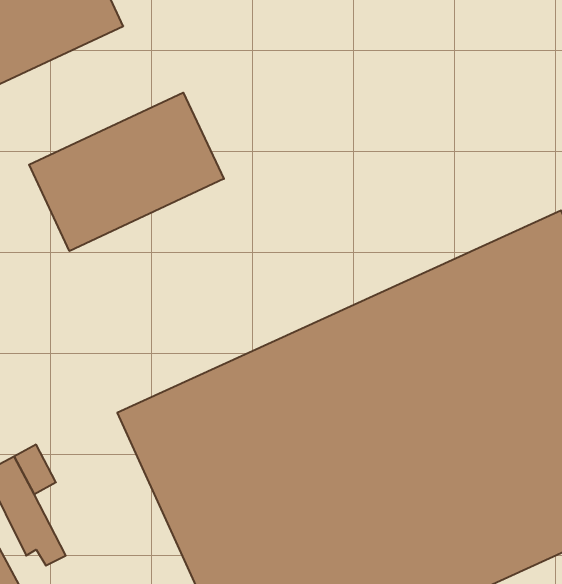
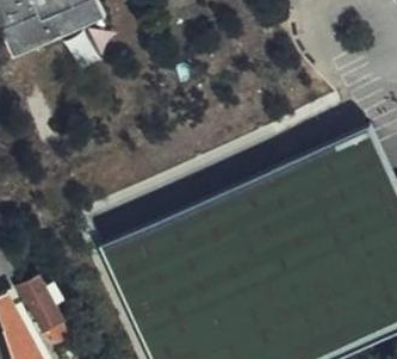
building: [29,93,224,251] -> none

